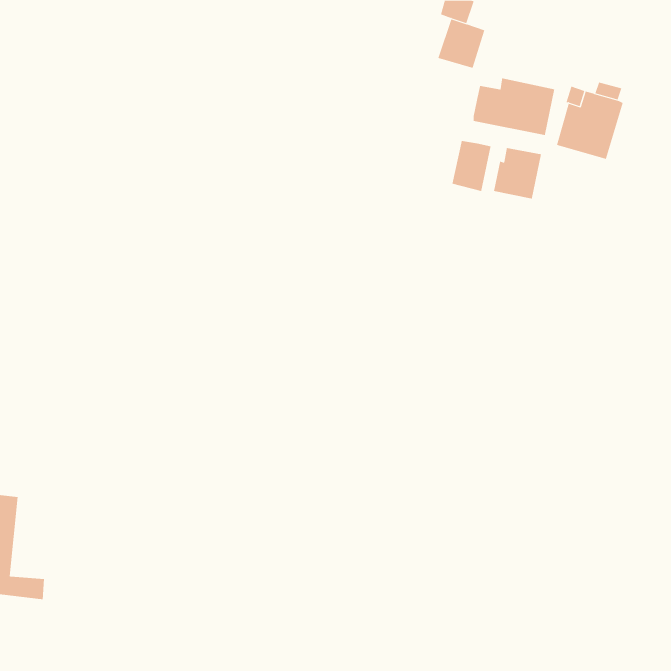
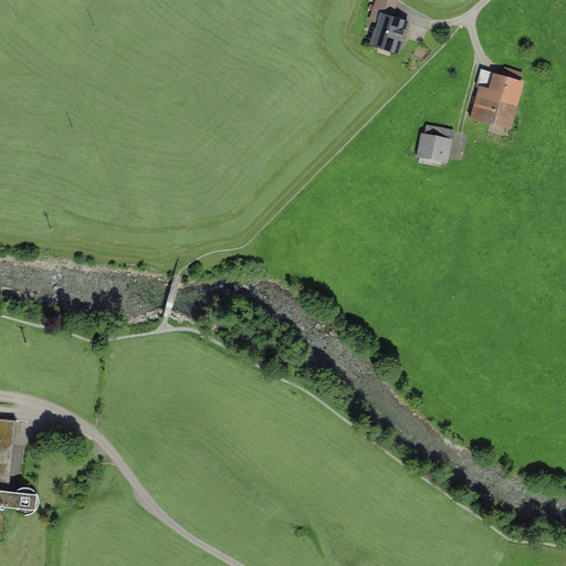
building: [473,77,555,136] -> none
building: [452,140,491,192] -> none

